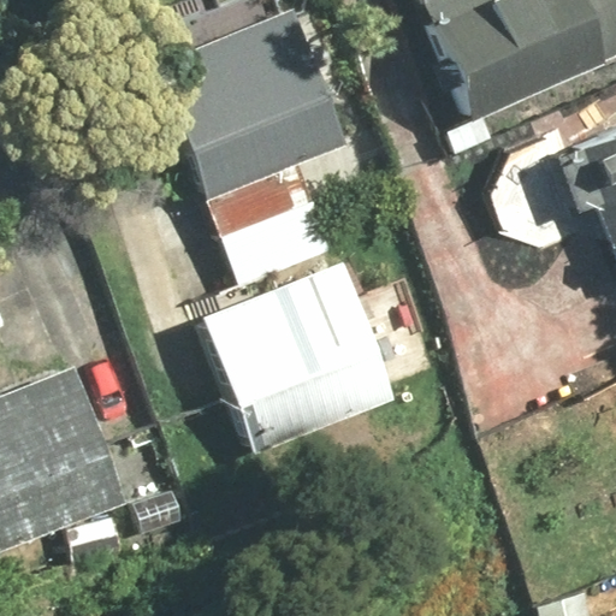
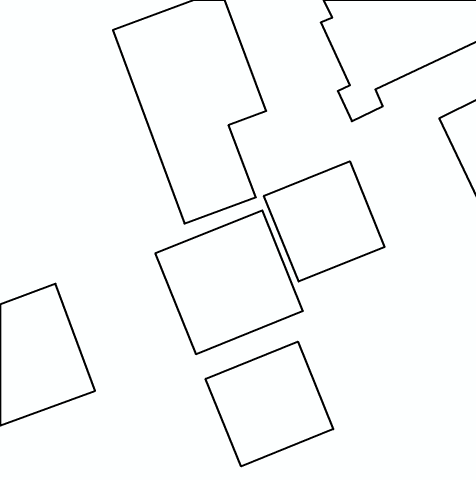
building: none -> [264,161,385,282]
building: none -> [206,342,333,466]

